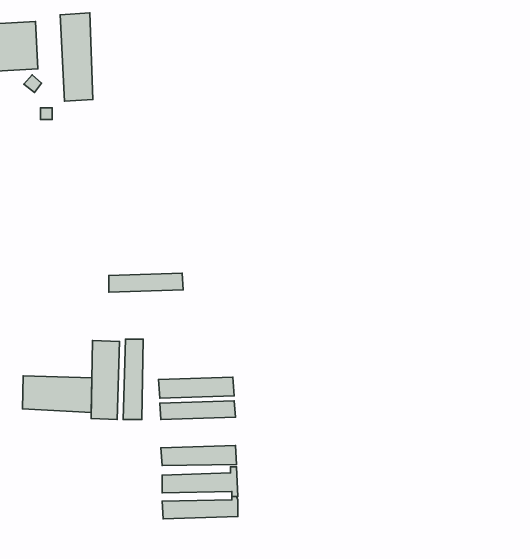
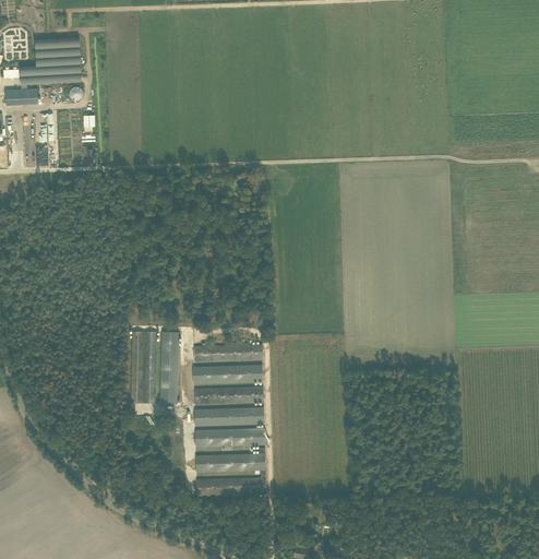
building: [60,13,93,101] -> none
building: [109,273,183,292] -> [193,343,262,360]
building: [23,376,92,412] -> none
building: none -> [194,406,263,425]

